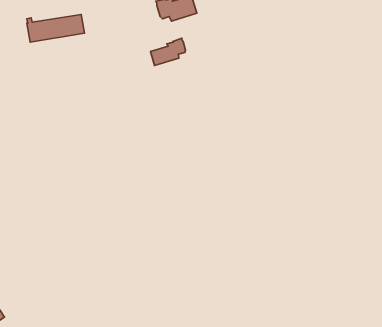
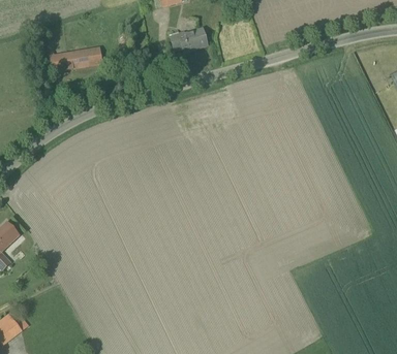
building: [150,38,186,65] -> none

